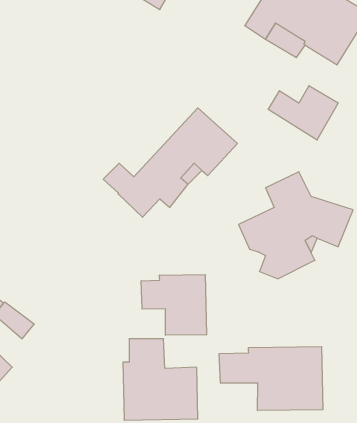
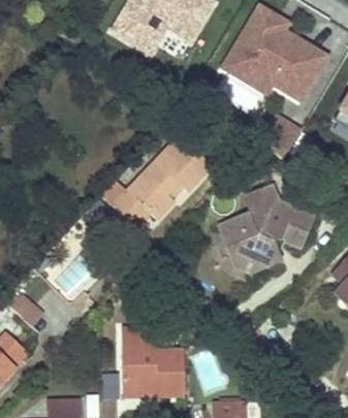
building: [141,275,206,335] -> none
building: [219,347,323,411] -> none

